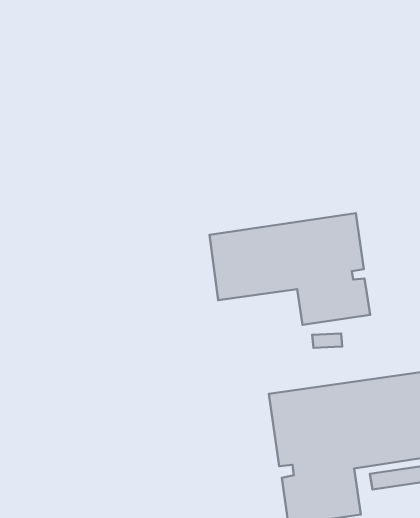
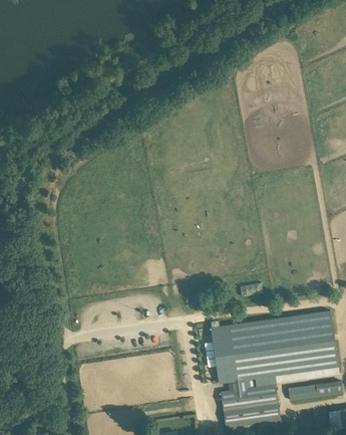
building: [209,213,370,325] -> none

